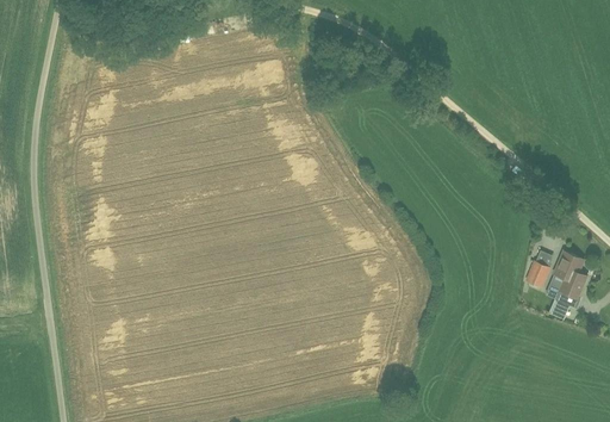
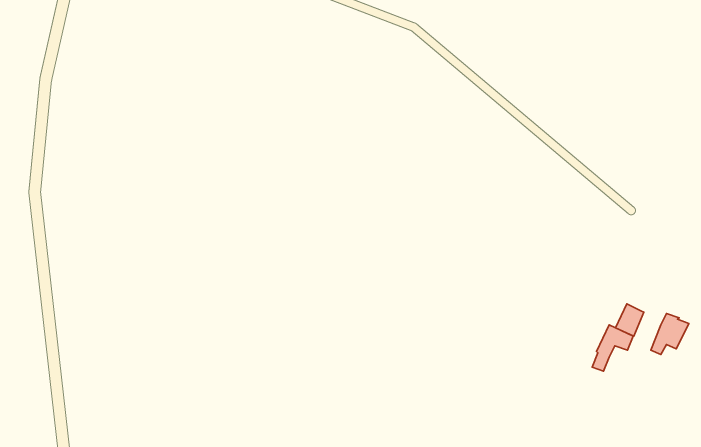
building: [549,250,584,290] -> [592,325,633,371]

